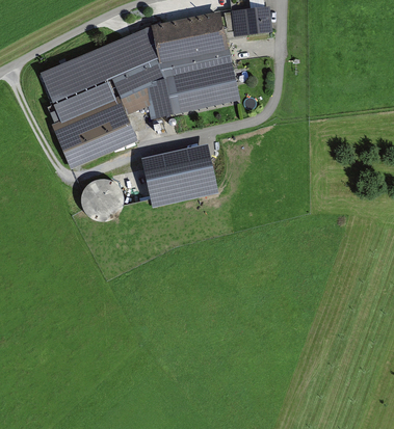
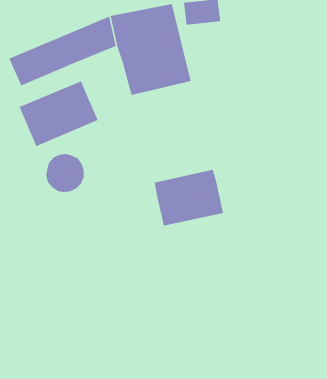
building: [112,59,174,118] -> none
building: [53,80,115,122] -> none
building: [141,144,218,207] -> [154,169,224,226]

